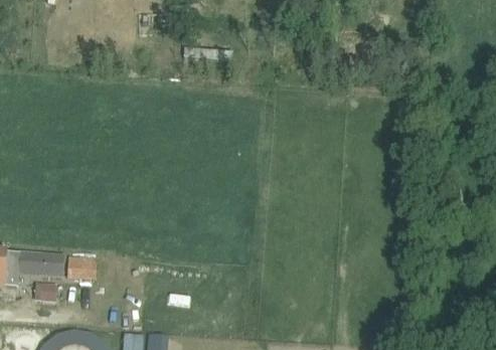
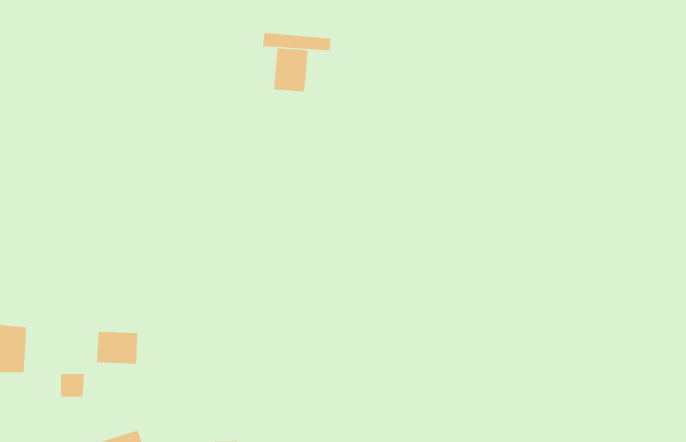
building: none -> [273,48,309,92]
building: [19,252,63,278] -> none

